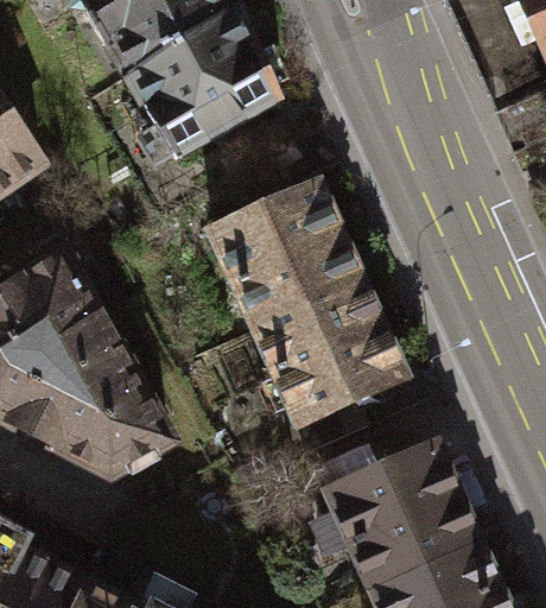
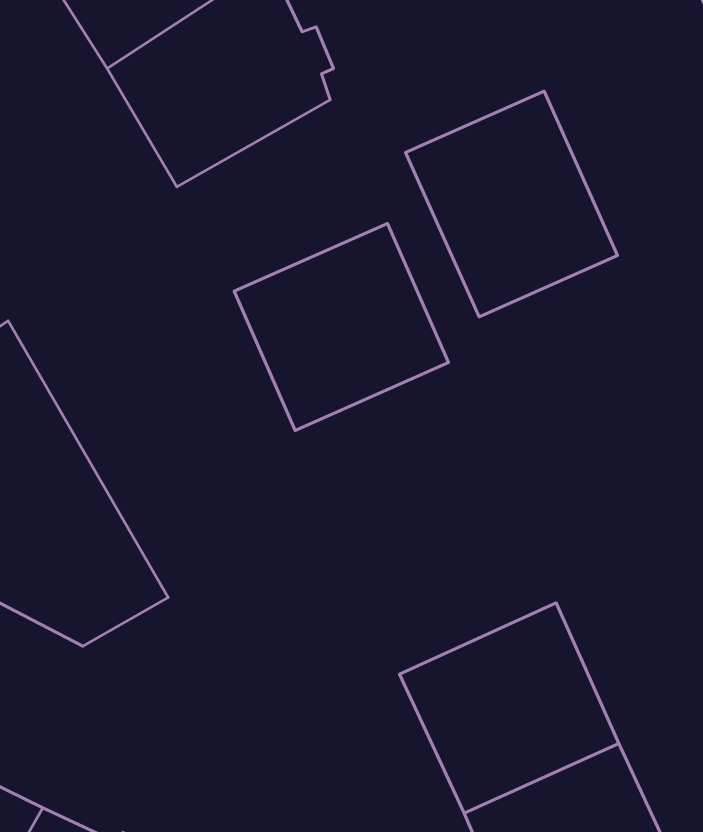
building: none -> [406,91,618,317]
building: [256,281,404,423] -> none

